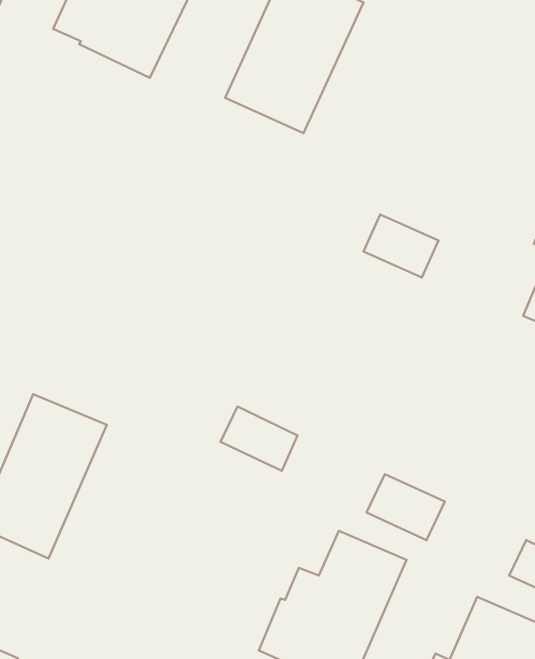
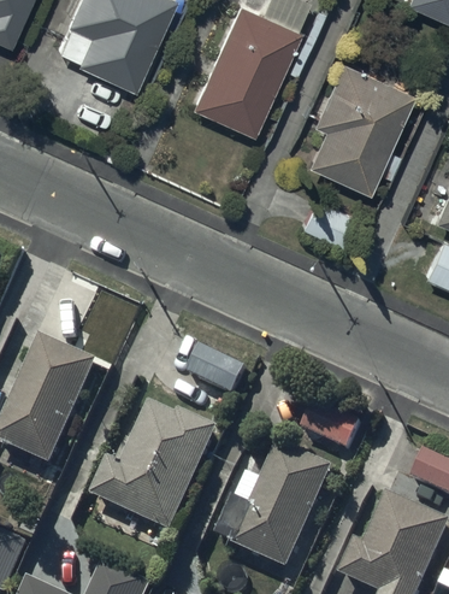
building: none -> [302,57,413,192]
building: none -> [89,400,218,531]

